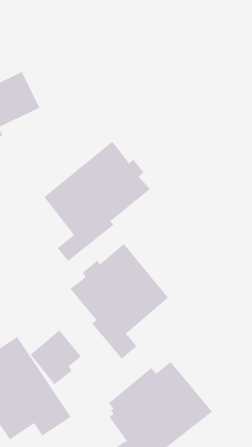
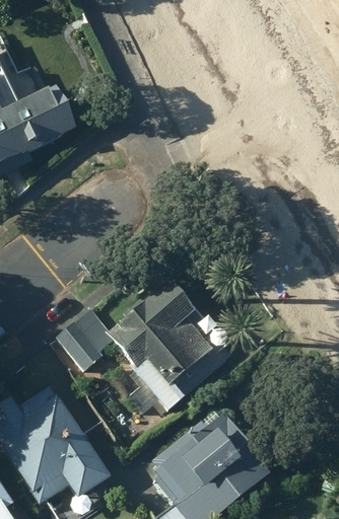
building: [44,141,151,262] -> none
building: [30,330,82,385] -> [56,309,115,372]

